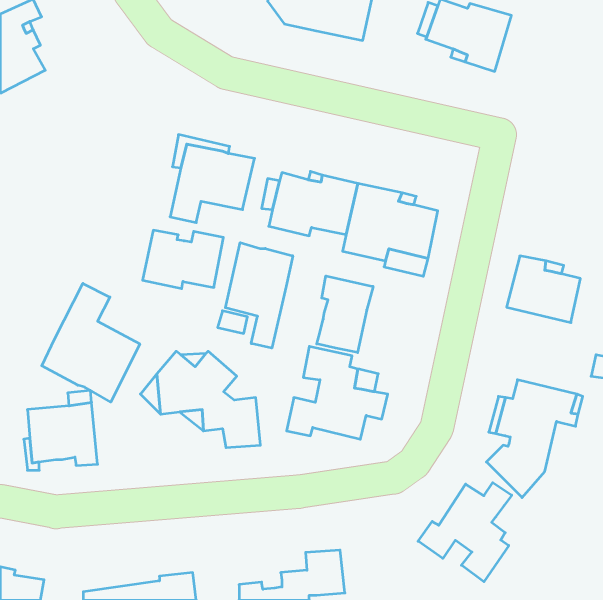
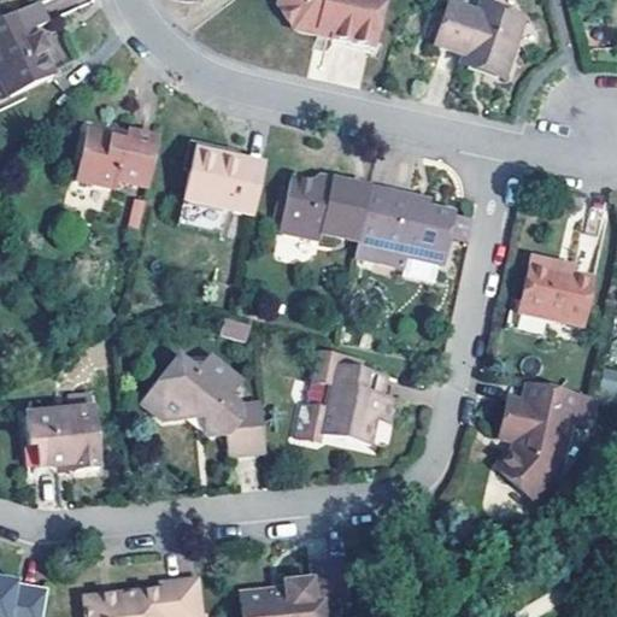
building: [143,230,223,289] -> [74,127,155,186]
building: [225,243,293,348] -> none
building: [317,276,373,353] -> none
building: [42,283,140,402] -> none
building: [418,483,512,582] -> none

